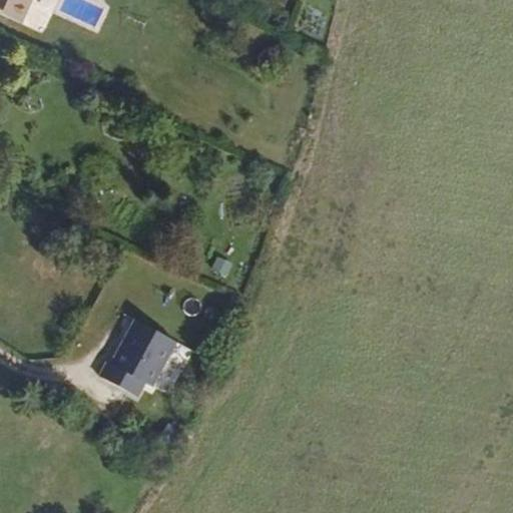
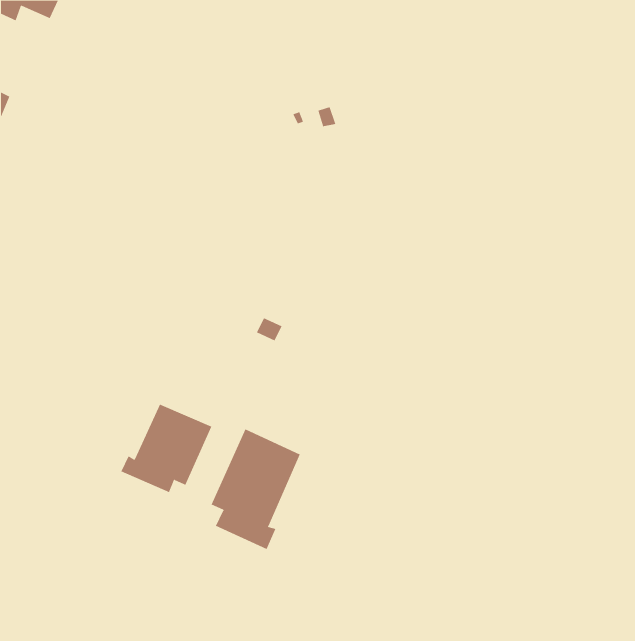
building: none -> [211,428,300,550]

